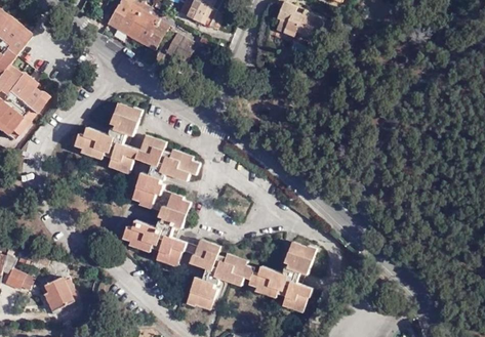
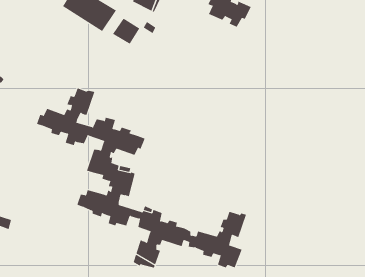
building: [39,279,76,318] -> none

